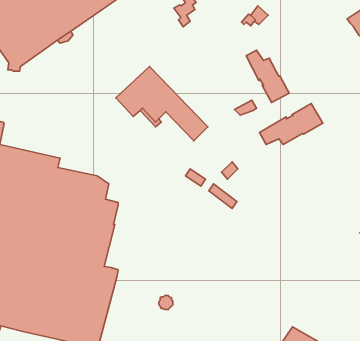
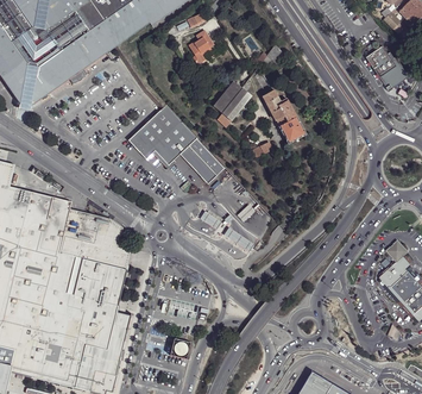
building: none -> [213,81,251,127]
building: [259,103,323,145] -> none

